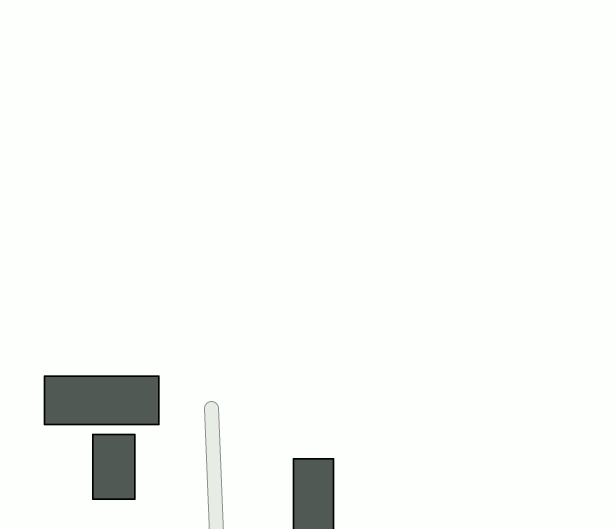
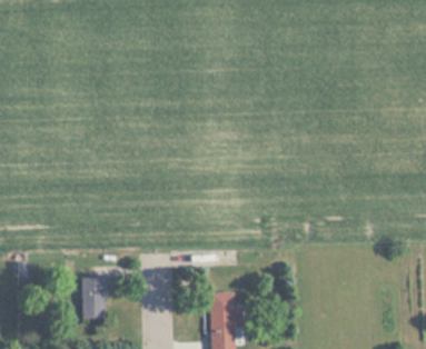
building: [44,376,159,424] -> none

